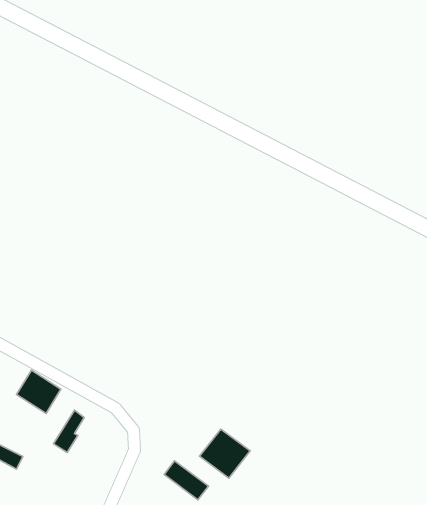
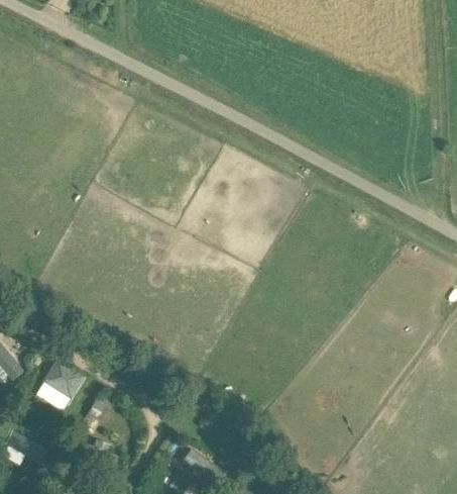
building: [200,429,250,478] -> none

